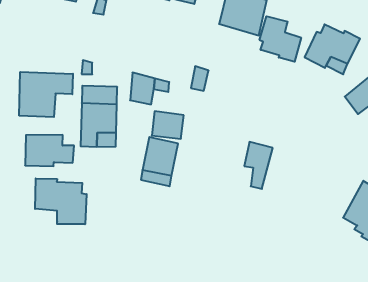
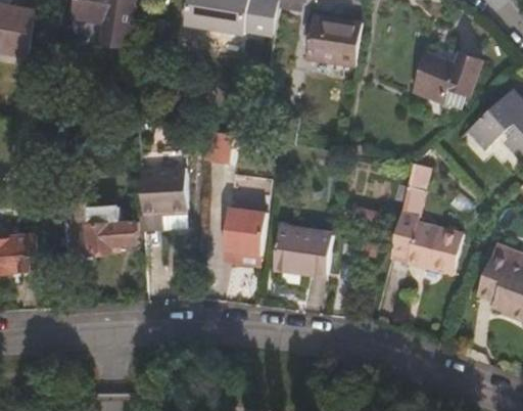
building: [260,16,301,62] -> none
building: [19,72,73,117] -> none
building: none -> [389,166,464,279]
building: none -> [273,227,331,273]
building: [35,178,87,224] -> none

